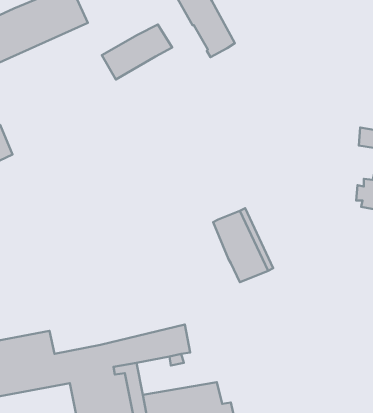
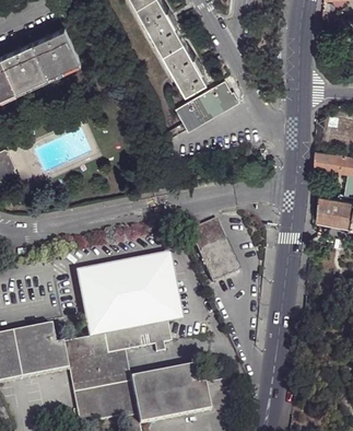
building: [102,25,172,80] -> [176,79,236,126]
building: none -> [82,258,175,335]

